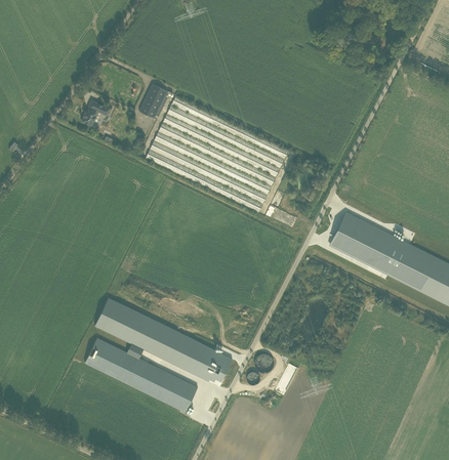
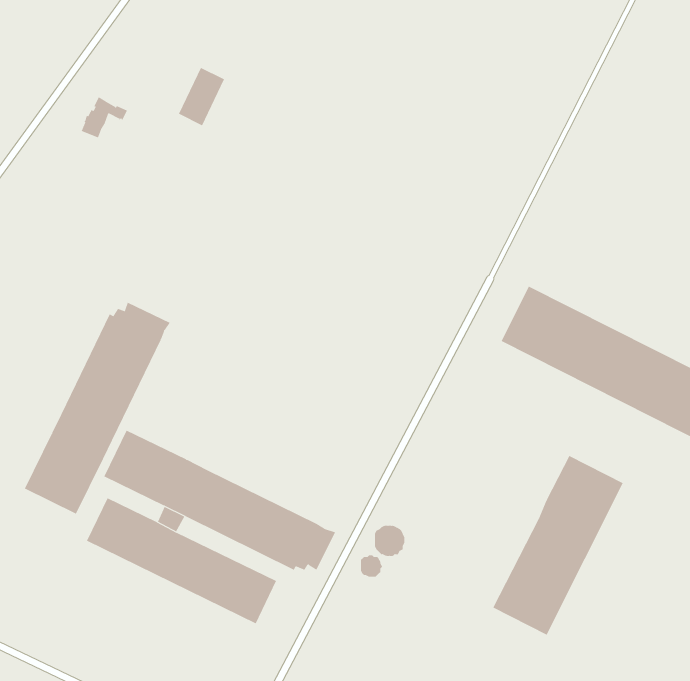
building: none -> [24,302,171,515]
building: none -> [492,455,624,635]

